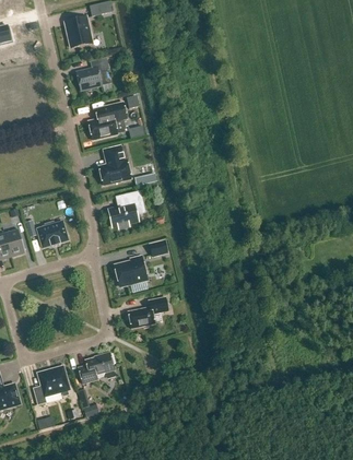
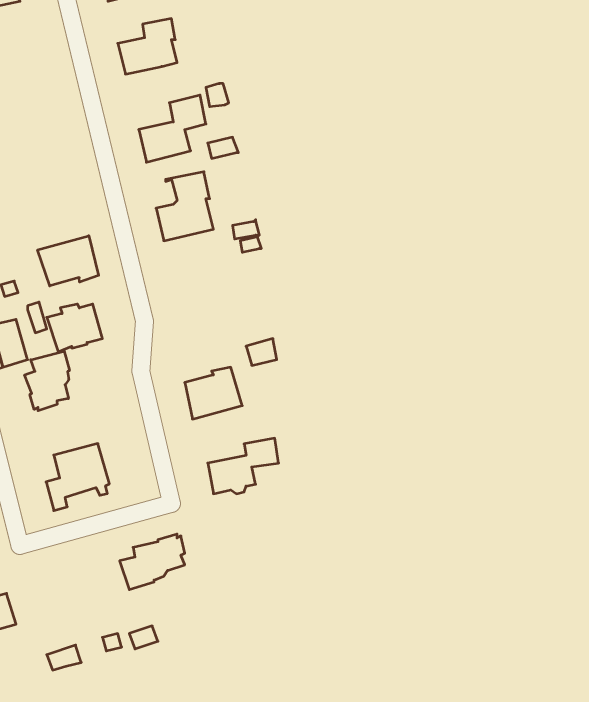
building: none -> [38,236,99,286]
building: [107,190,144,228] -> none
building: none -> [25,351,69,411]
building: [33,366,69,404] -> [46,444,109,511]

